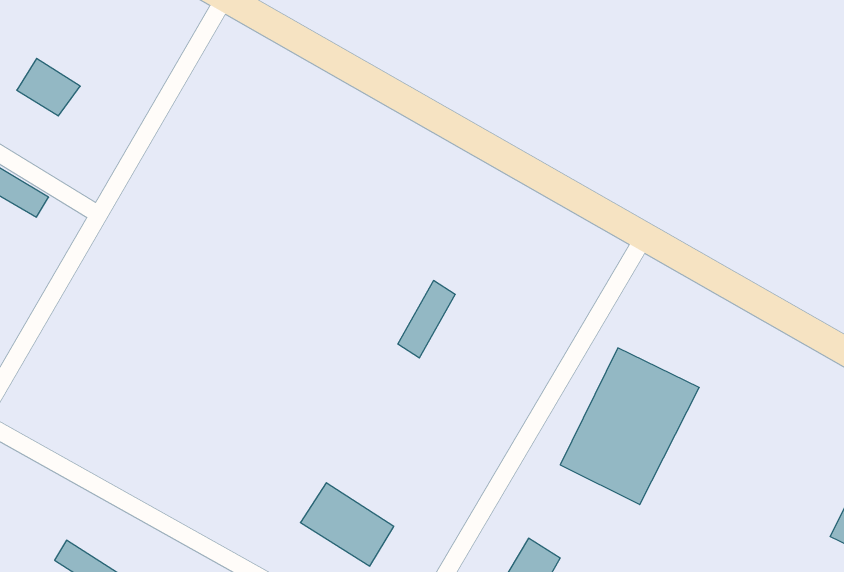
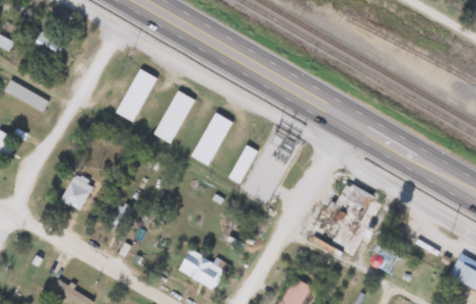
building: none -> [115,68,156,121]
building: none -> [152,89,195,143]
building: none -> [190,112,232,166]
building: none -> [60,173,94,210]

